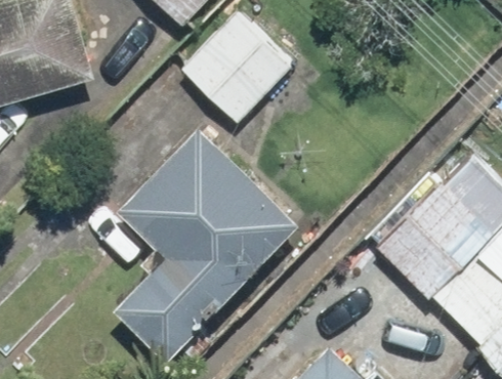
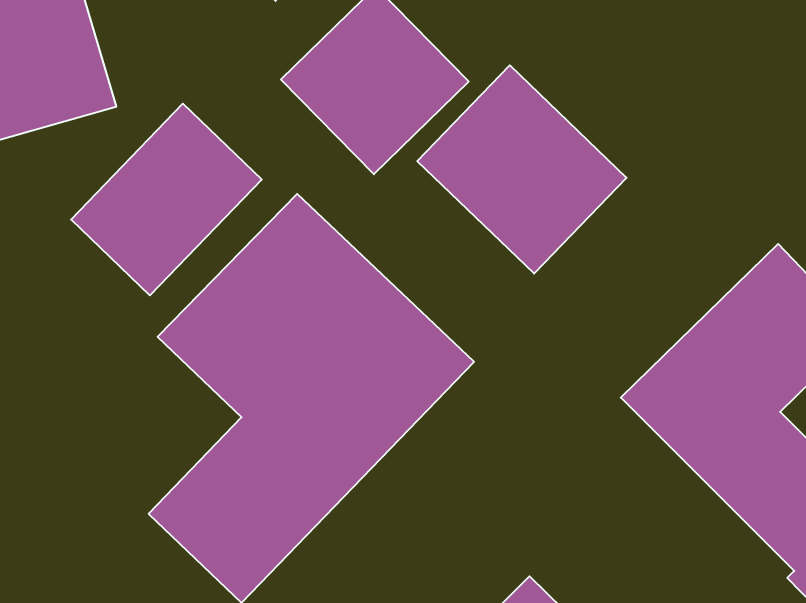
building: none -> [417,65,627,274]
building: none -> [71,104,262,295]

